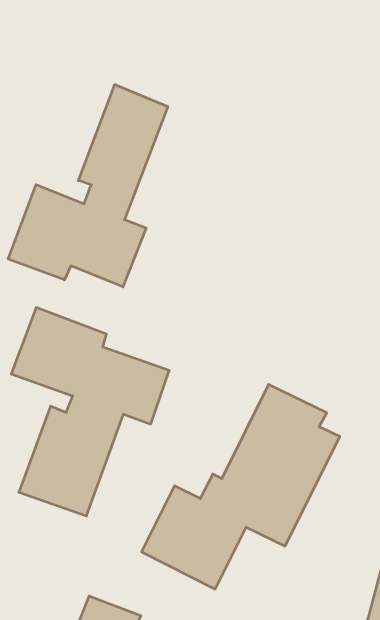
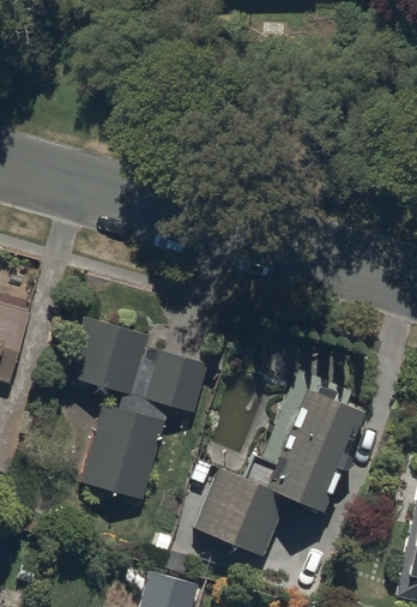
building: [8,85,168,287] -> none

